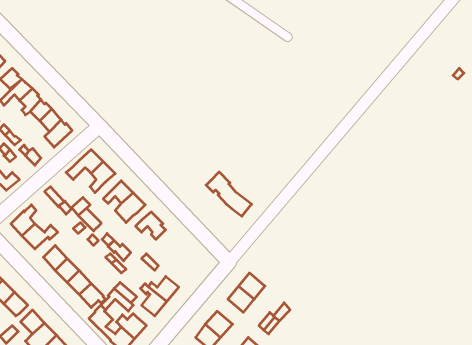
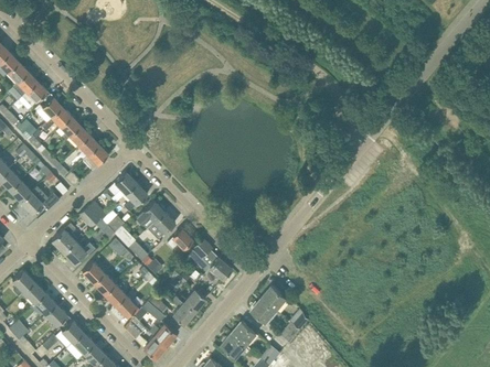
building: [206,172,252,216] -> [190,238,232,279]

